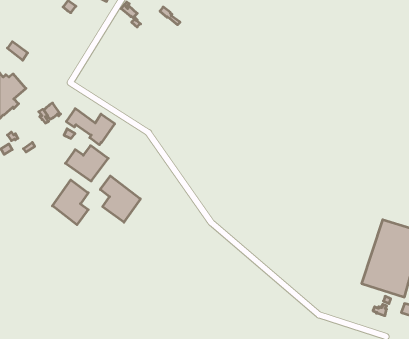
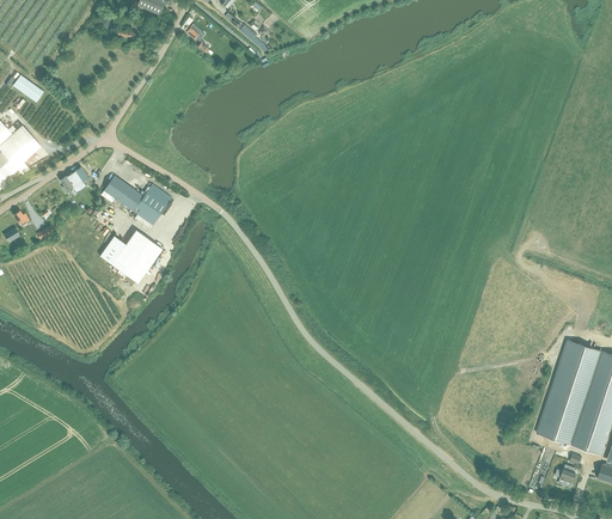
building: [100,176,140,222] -> none
building: [52,180,88,225] -> none

